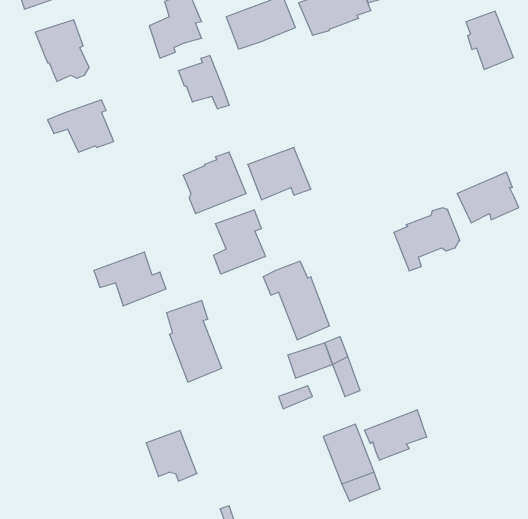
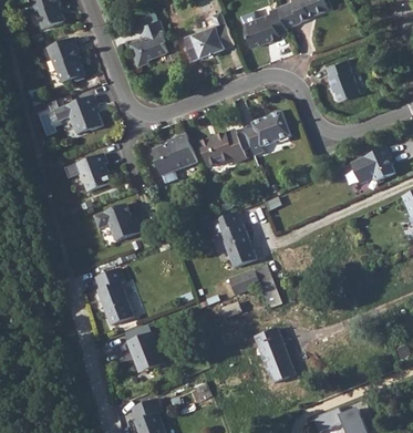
building: [466,11,514,70] -> [326,59,360,101]
building: [178,55,229,109] -> none
building: none -> [73,154,111,194]
building: [394,208,460,271] -> [244,111,291,156]
building: [214,210,265,274] -> none
building: [166,301,222,382] -> [94,268,134,327]
building: [364,410,427,460] -> none

